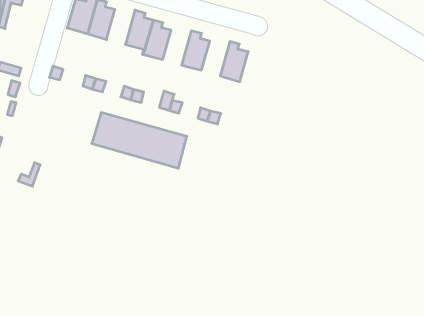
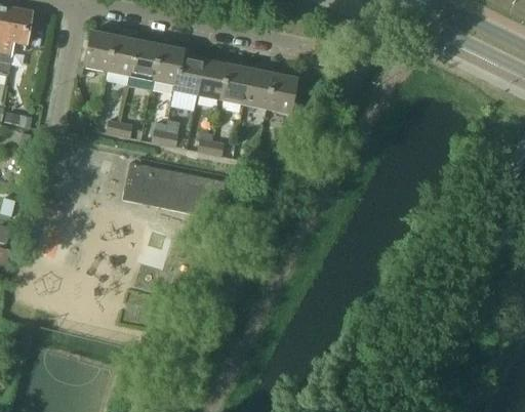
building: none -> [128,37,159,80]
building: none -> [196,56,227,99]
building: none -> [242,66,273,109]

